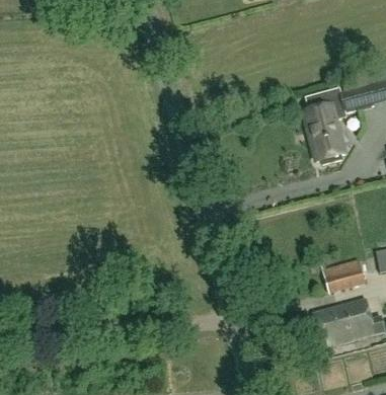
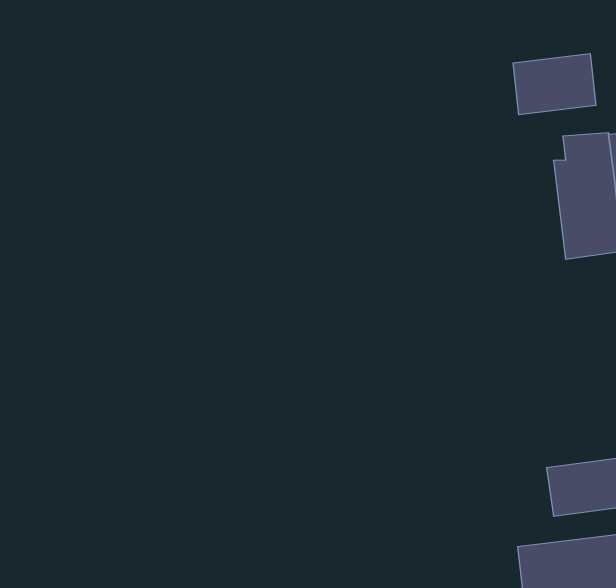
building: none -> [513,54,596,115]

